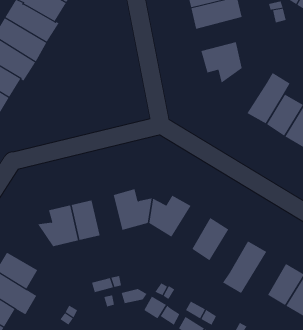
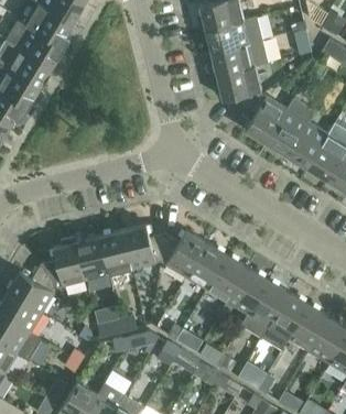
building: none -> [212,40,269,76]
building: none -> [239,95,288,143]
building: none -> [100,231,132,275]
building: none -> [186,243,227,290]
building: none -> [8,263,57,313]
building: none -> [227,269,268,315]
building: none -> [261,293,309,350]

